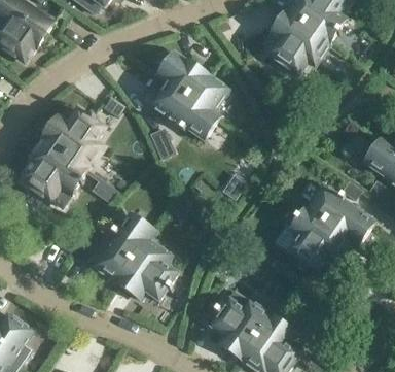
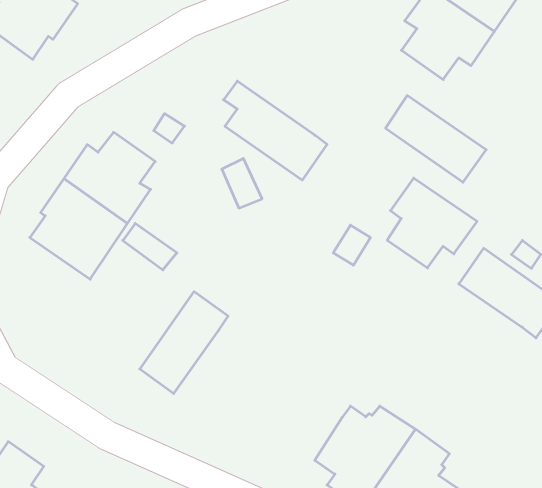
building: [158,52,225,109] -> [386,96,486,182]
building: [288,208,348,268] -> [387,178,477,268]
building: [116,239,177,299] -> none

